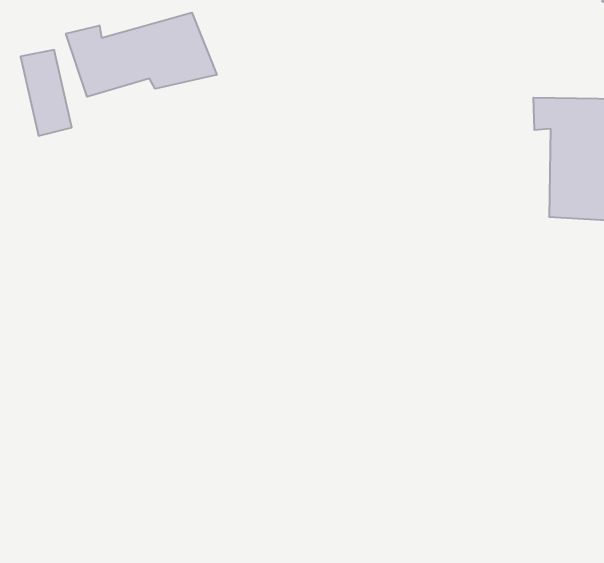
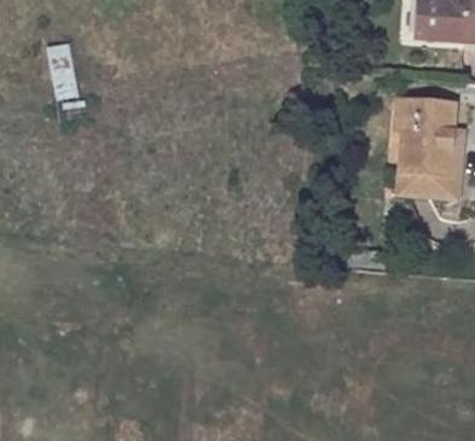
building: [66,13,217,97] -> none

